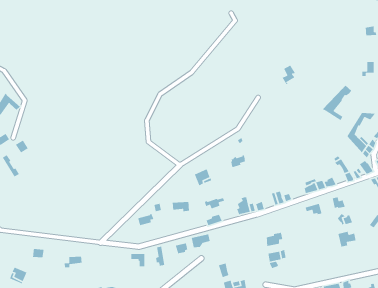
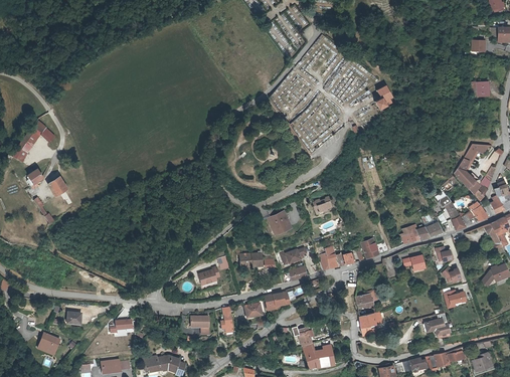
building: [322,85,352,121] -> none
building: none -> [423,317,452,339]

